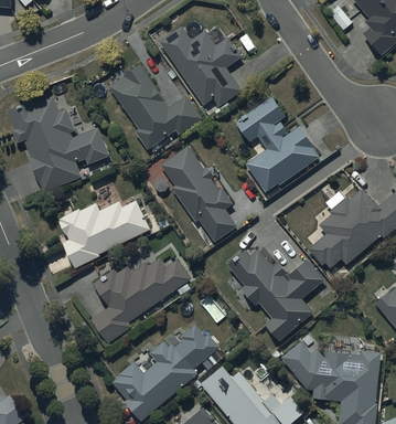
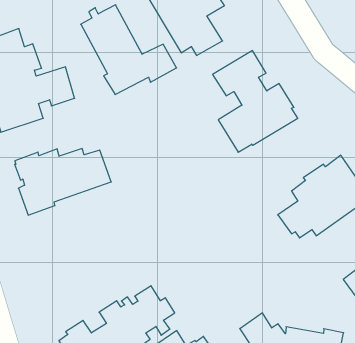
building: [161,146,237,241] -> none
building: [228,248,324,341] -> none
building: [92,257,191,344] -> none

